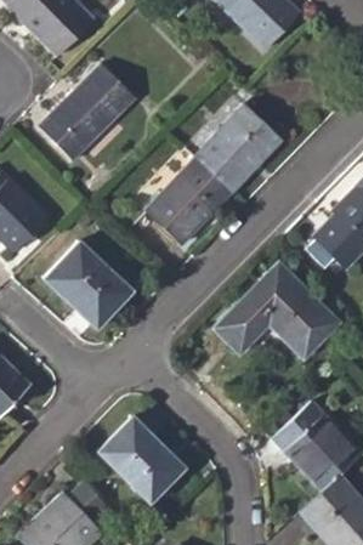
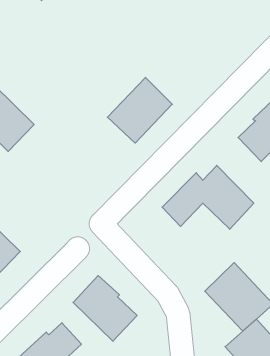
building: [40,64,136,161] -> none
building: [195,107,280,193] -> none
building: [45,242,134,329] -> none

